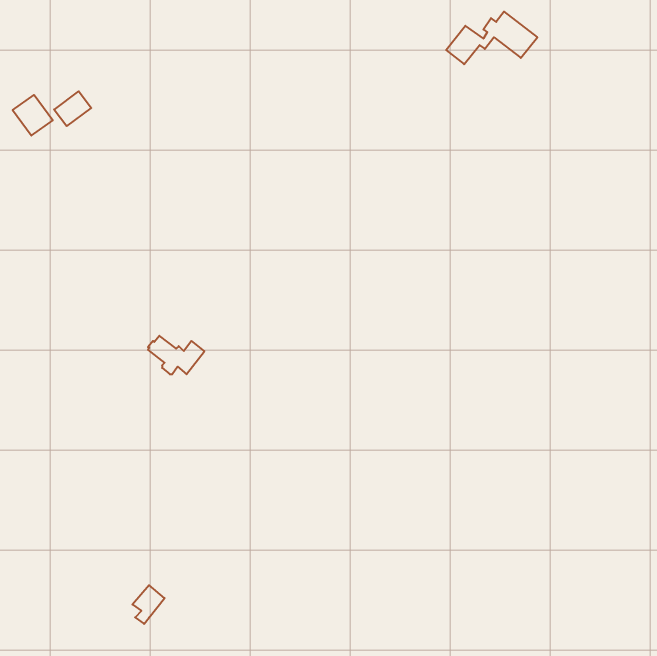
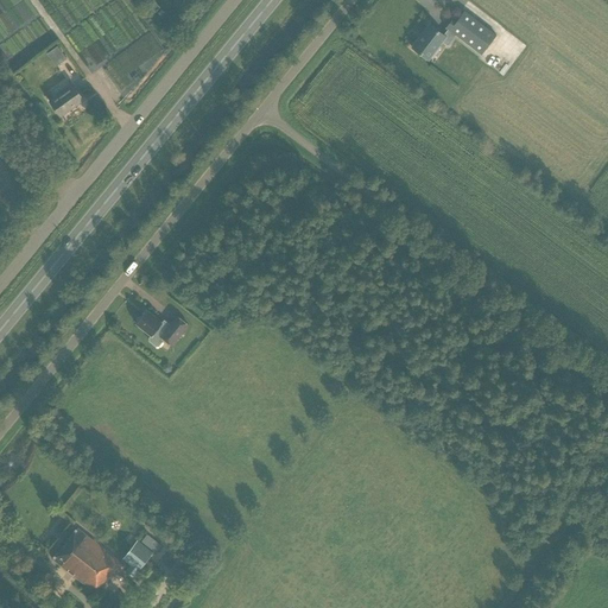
building: [13,95,53,136] -> none
building: none -> [53,527,125,591]

